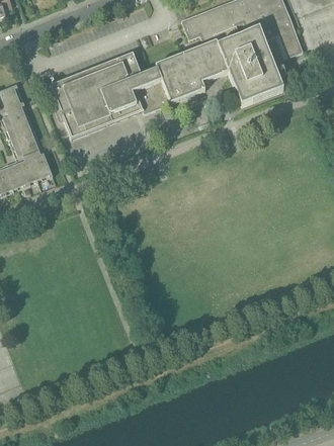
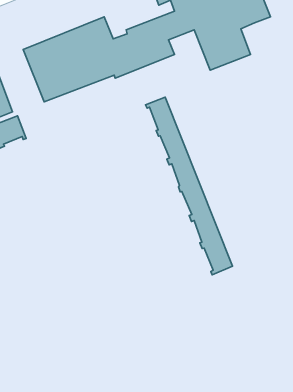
building: none -> [146,97,233,275]

